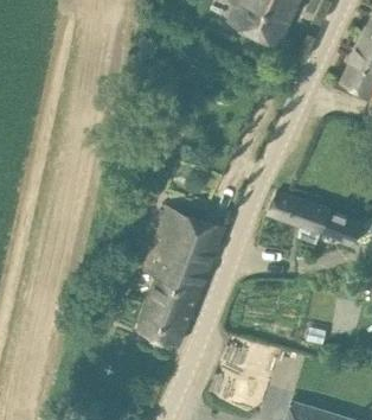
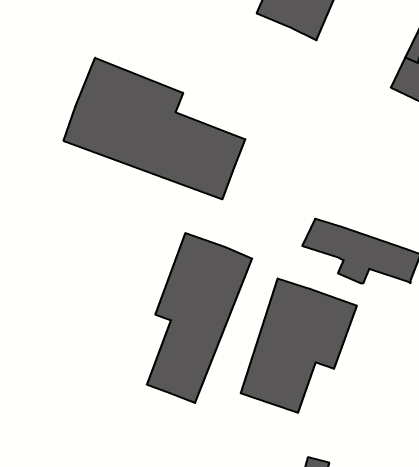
building: none -> [64,58,245,199]
building: none -> [241,278,357,413]

